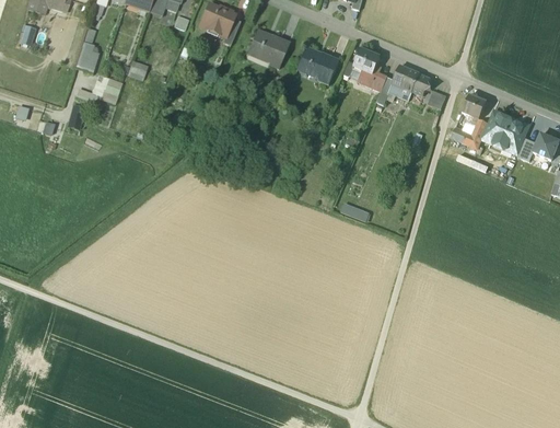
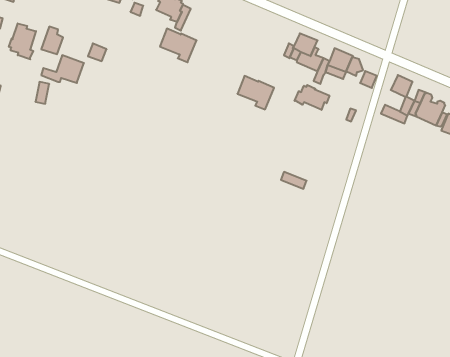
building: [248,30,289,67] -> [160,29,197,62]
building: none -> [9,23,36,59]
building: [299,46,339,83] -> [237,76,274,109]
building: none -> [295,85,329,110]

